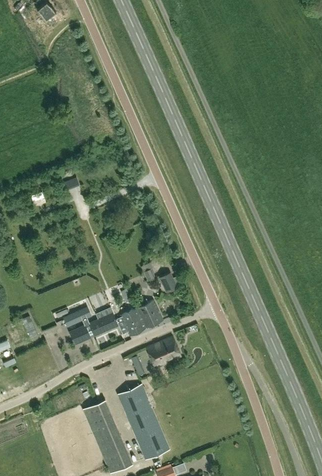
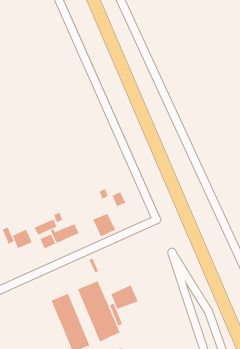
building: [116,308,145,337] -> none
building: none -> [12,229,33,249]
building: [146,337,181,368] -> [110,285,139,309]

